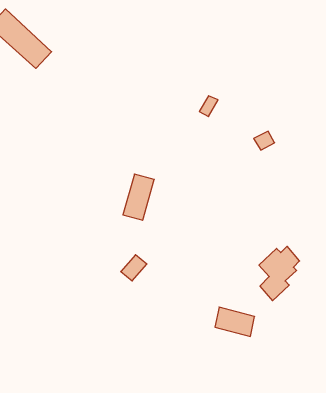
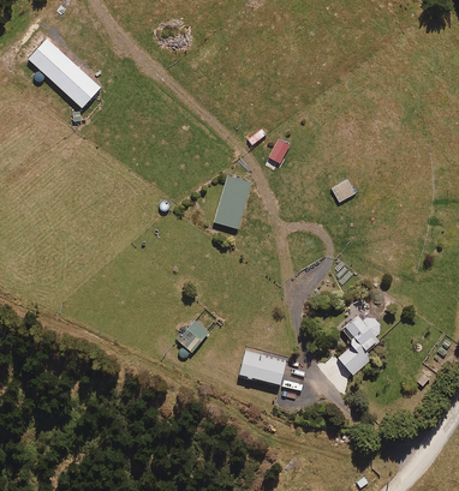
building: [123,174,154,220] -> [215,174,251,227]
building: [215,307,255,336] -> [239,352,285,385]

